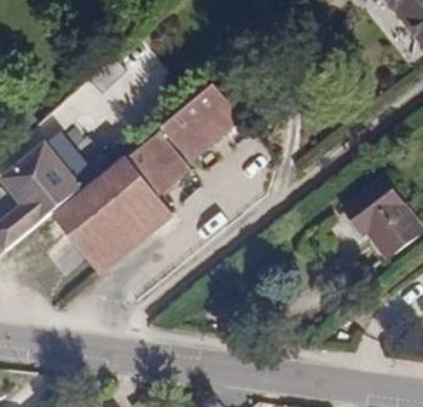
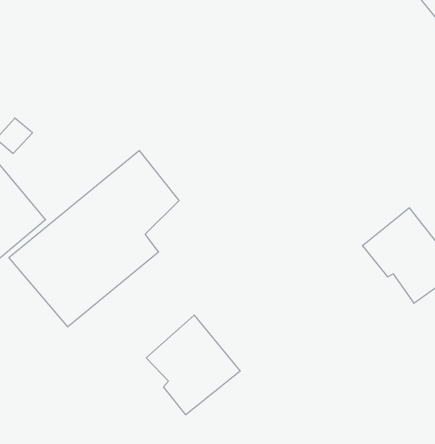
building: [163,83,244,162] -> none
building: none -> [146,315,240,415]

